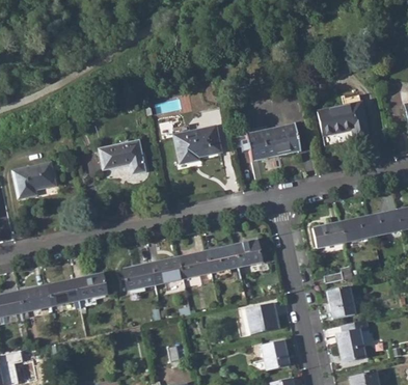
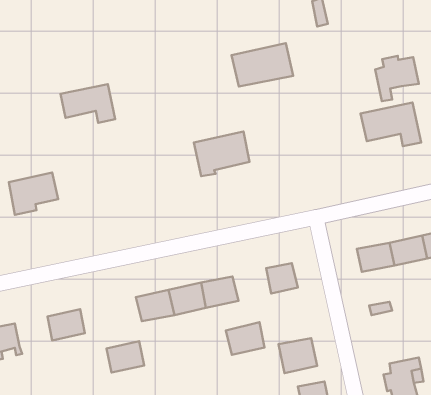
building: none -> [375,56,419,101]
building: [245,125,298,162] -> [231,43,293,87]
building: [99,141,145,174] -> [61,84,115,123]
building: [206,244,239,272] -> [226,322,264,355]
building: [75,273,107,300] -> [107,341,144,373]
building: [19,285,51,311] -> none
building: [327,287,355,320] -> none

